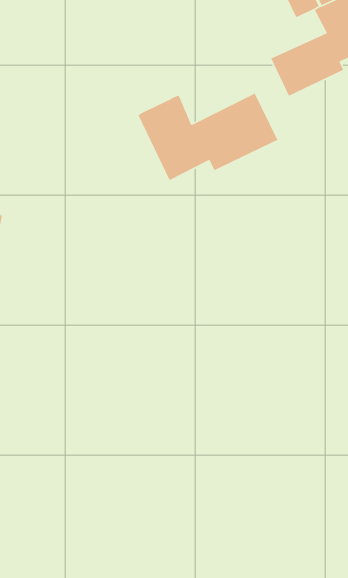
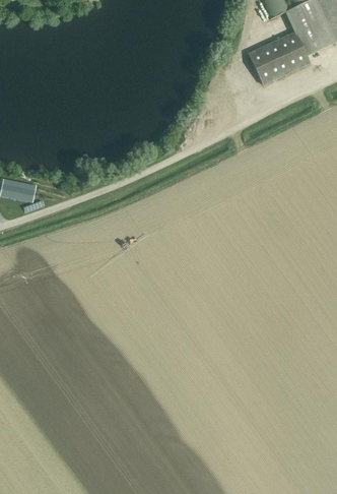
building: [138,93,278,181] -> none

